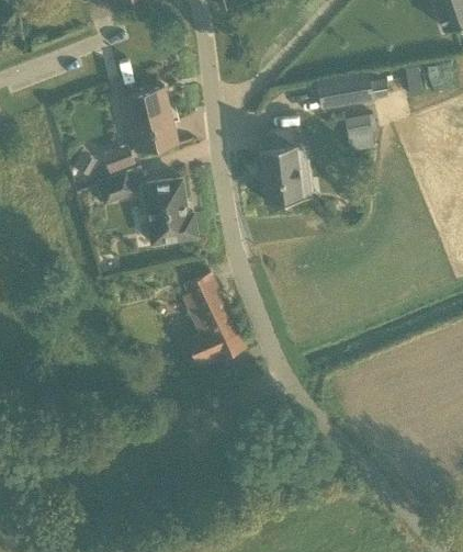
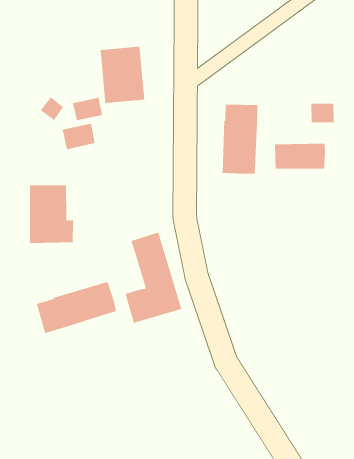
building: [318,74,373,108] -> [274,143,326,169]
building: [144,179,197,244] -> [29,185,74,243]
building: none -> [36,281,117,334]

